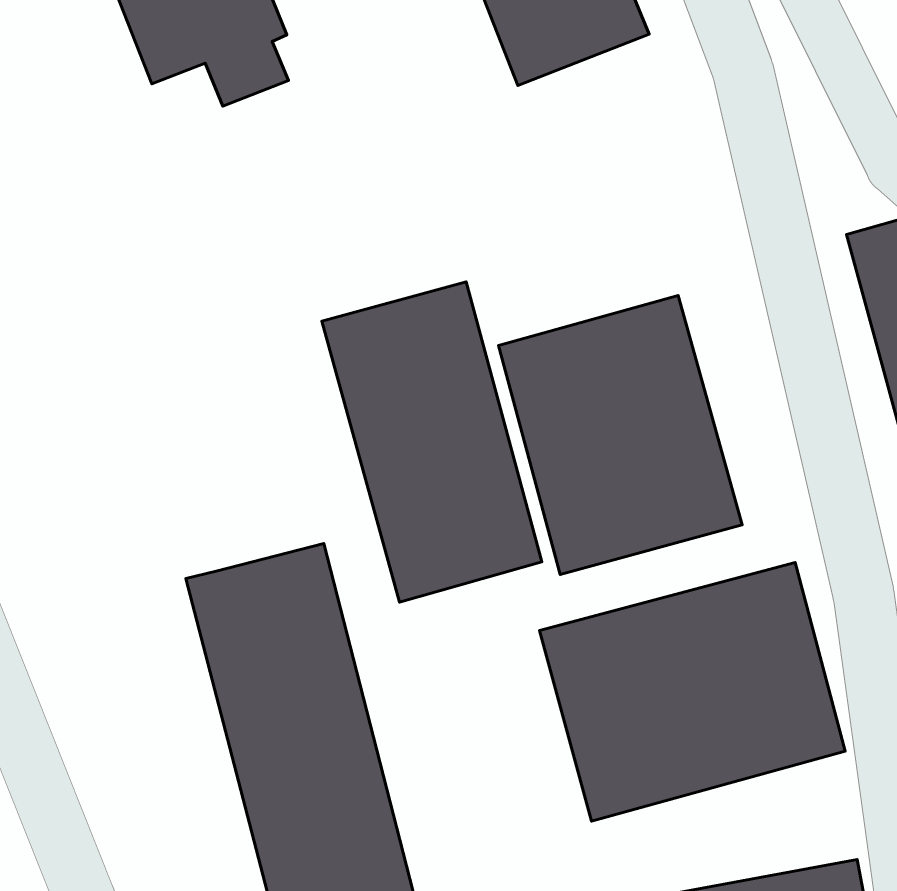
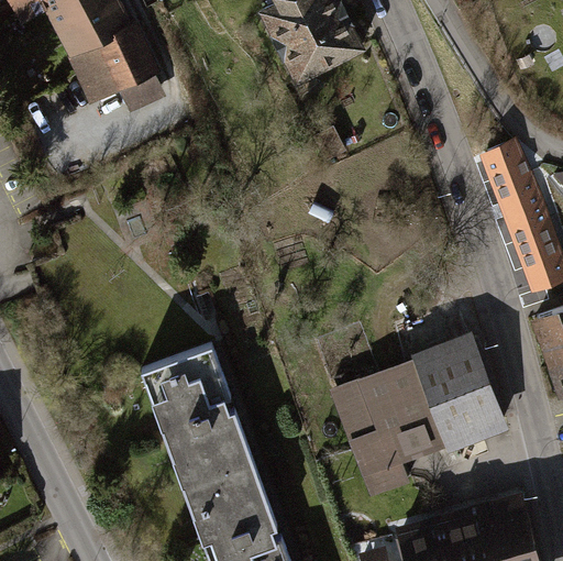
building: [322,282,542,602] -> none
building: [499,296,742,575] -> none

